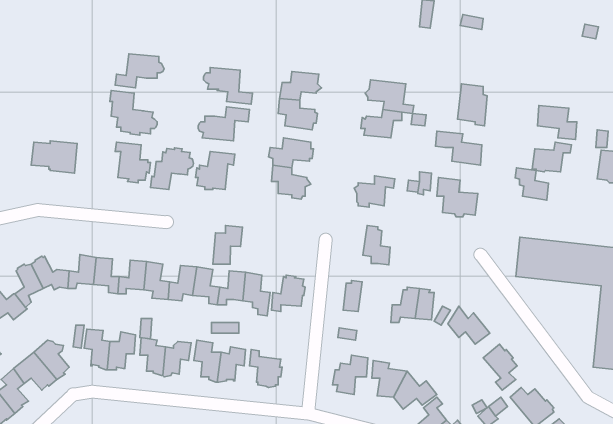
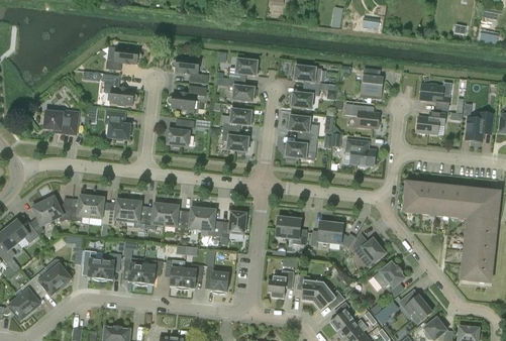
building: none -> [287,115,315,138]
building: [151,148,193,190] -> none
building: [515,168,549,200] -> none
building: [363,225,390,265] -> [287,215,307,244]
building: [213,225,243,264] -> none

